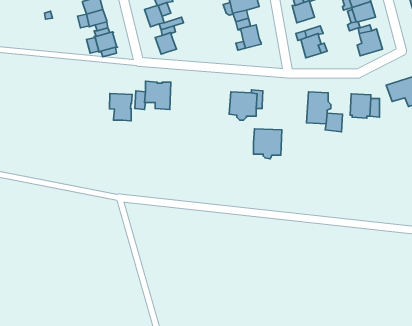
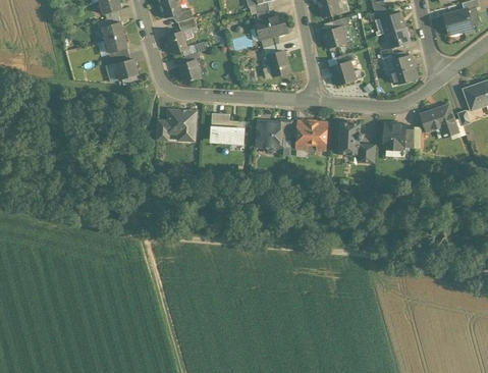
building: none -> [210,112,245,141]
building: [110,93,132,121] -> none
building: [254,129,282,159] -> [296,121,326,153]

